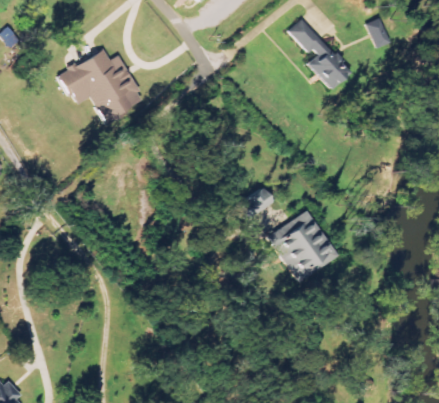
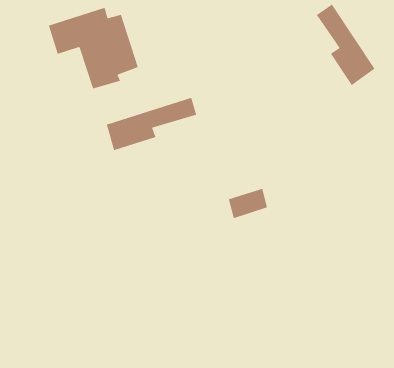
building: none -> [106,97,197,151]
building: [267,210,337,277] -> none

